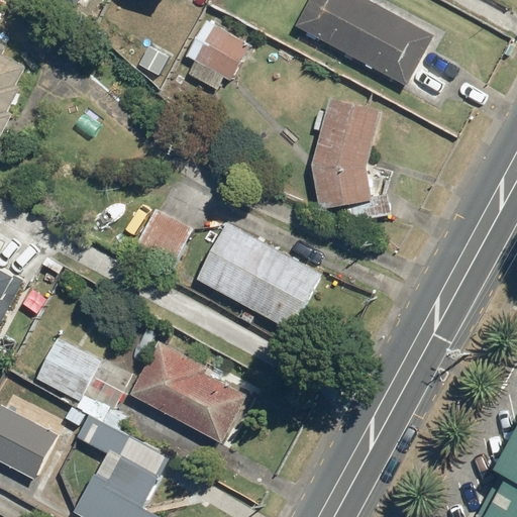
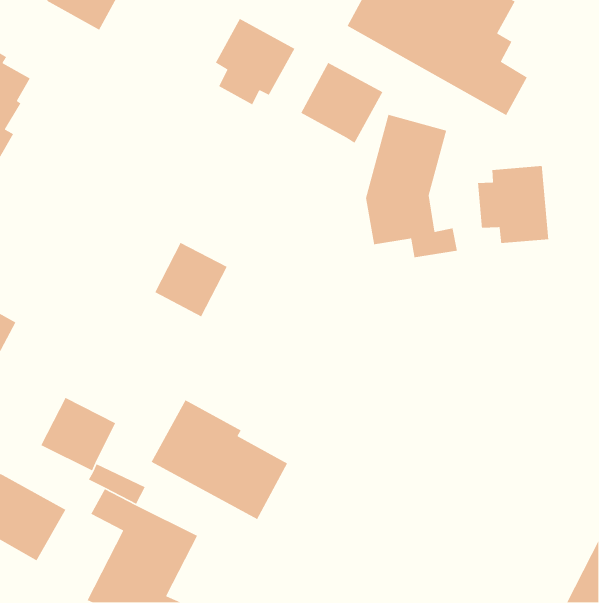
building: none -> [300,62,384,144]
building: none -> [477,165,549,244]
building: [194,219,322,331] -> none

